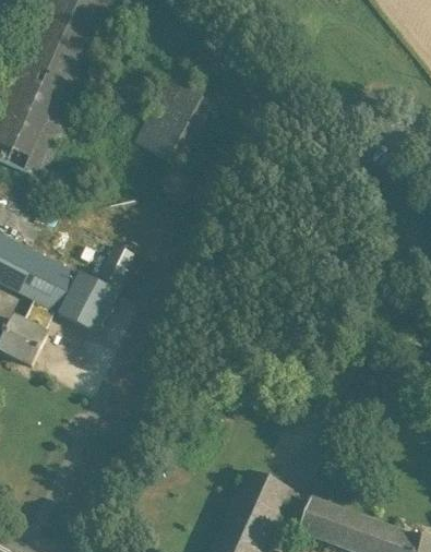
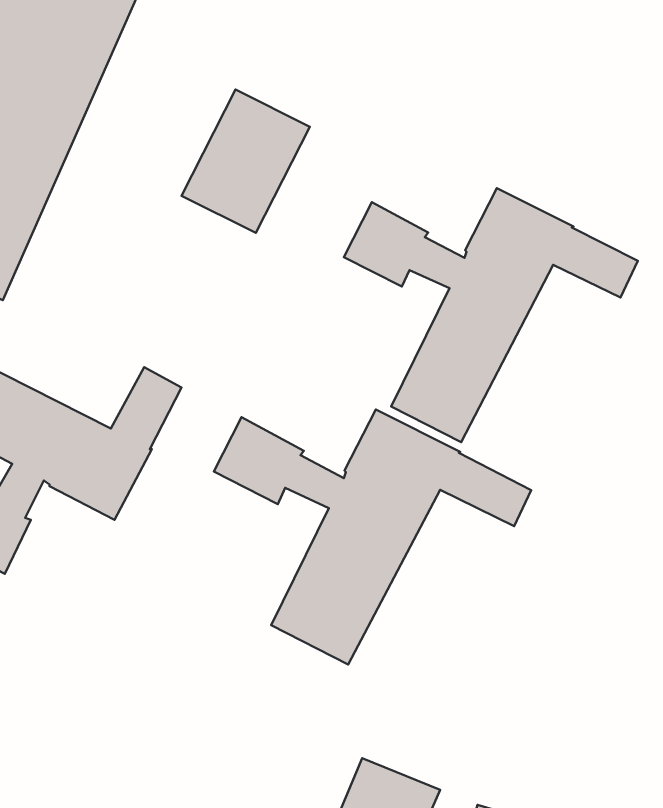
building: none -> [344,188,638,442]
building: none -> [214,409,531,665]

